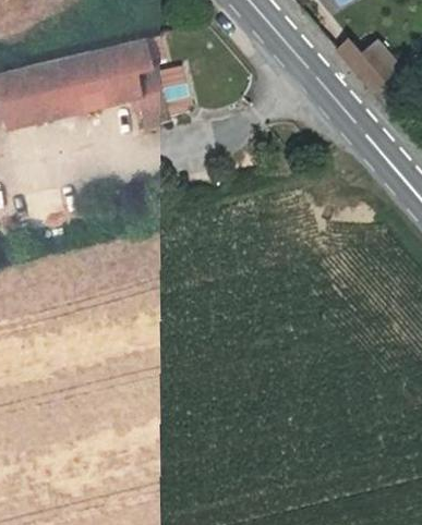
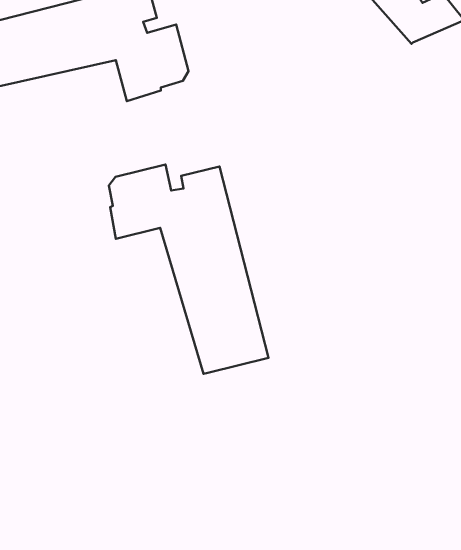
building: none -> [109,164,268,374]

